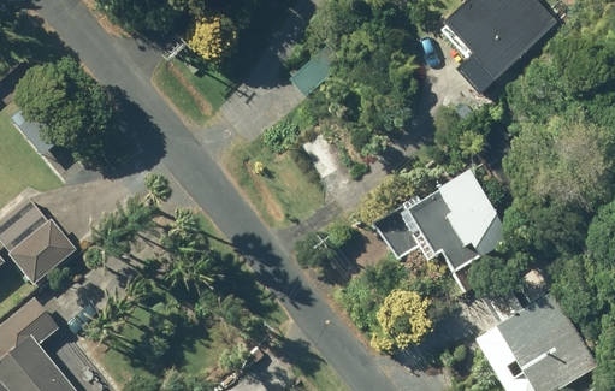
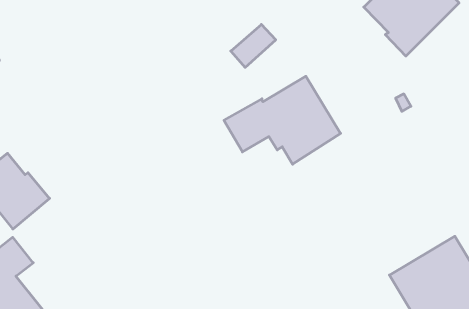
building: [373,170,510,273] -> [224,76,341,164]

